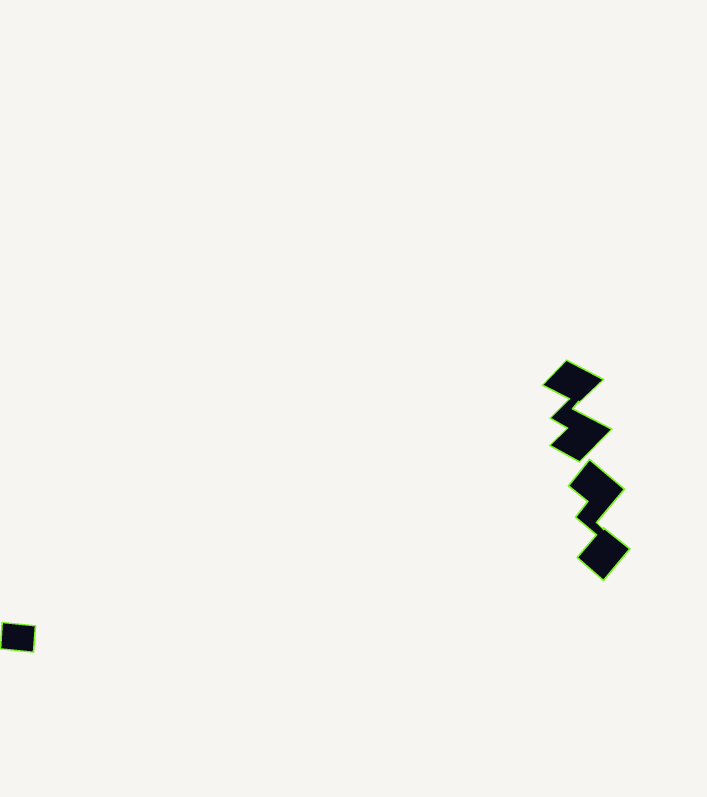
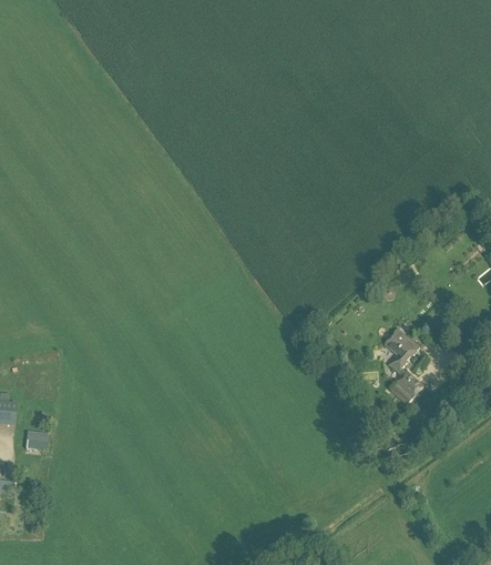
building: [542,360,612,462] -> none

